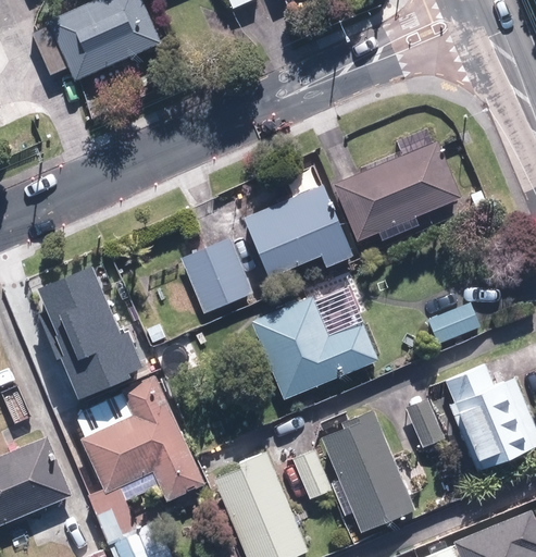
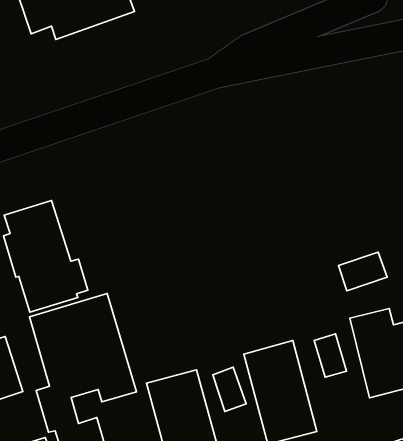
building: [333,139,462,243] -> none
building: [240,180,357,280] -> none
building: [176,236,251,314] -> none
building: [252,292,371,401] -> none

